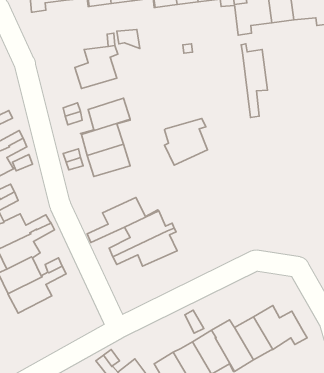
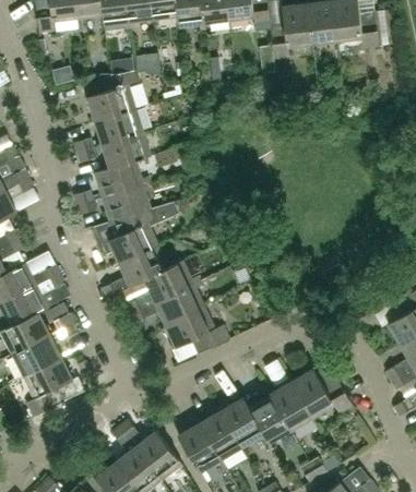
building: [241,44,267,118] -> none
building: none -> [95,108,143,144]
building: [165,118,208,165] -> [108,208,157,262]
building: none -> [165,305,229,352]
building: none -> [23,357,73,417]

